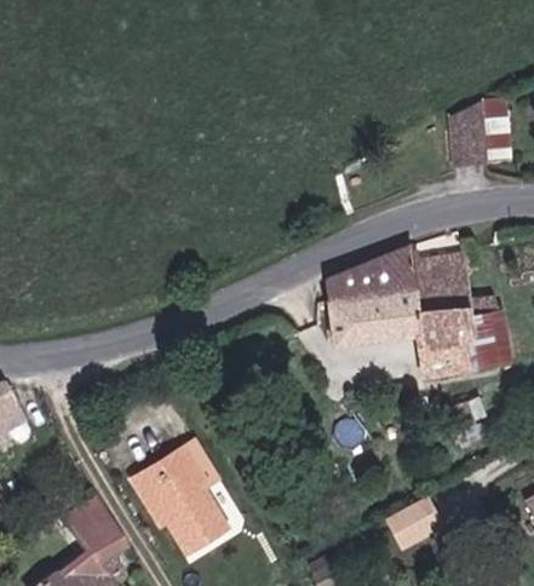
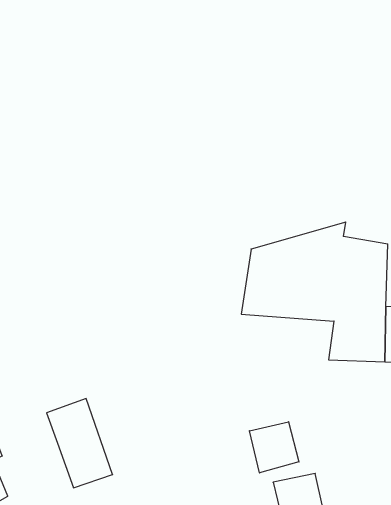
building: [131,443,194,515] -> none
building: none -> [249,422,299,473]

